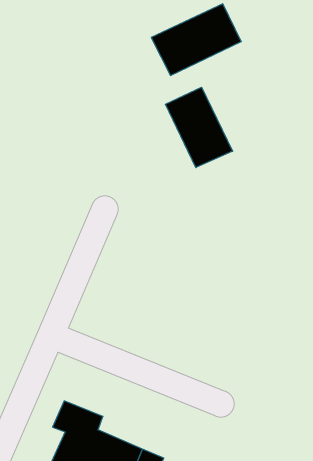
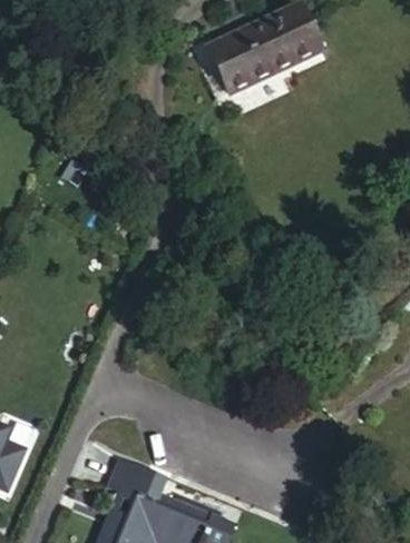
building: [166,87,233,168] -> none

